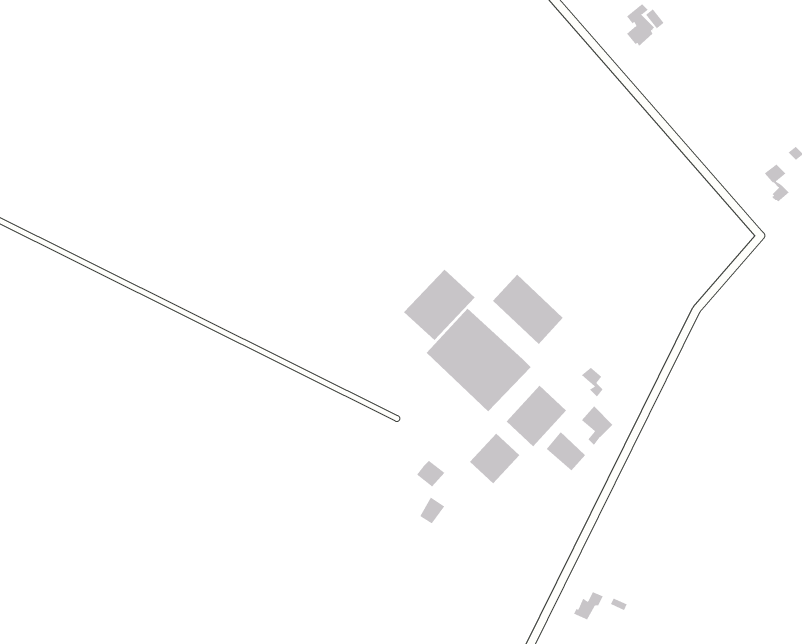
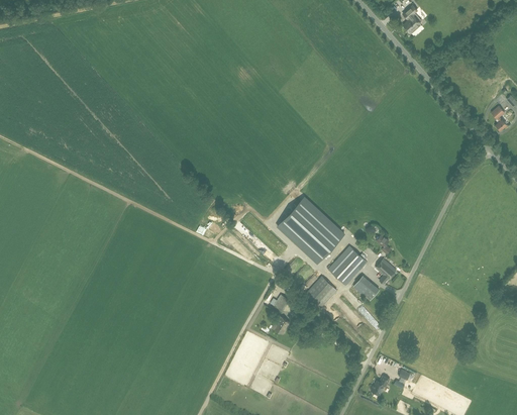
building: [403,269,475,341] -> none
building: [492,274,564,345] -> none

